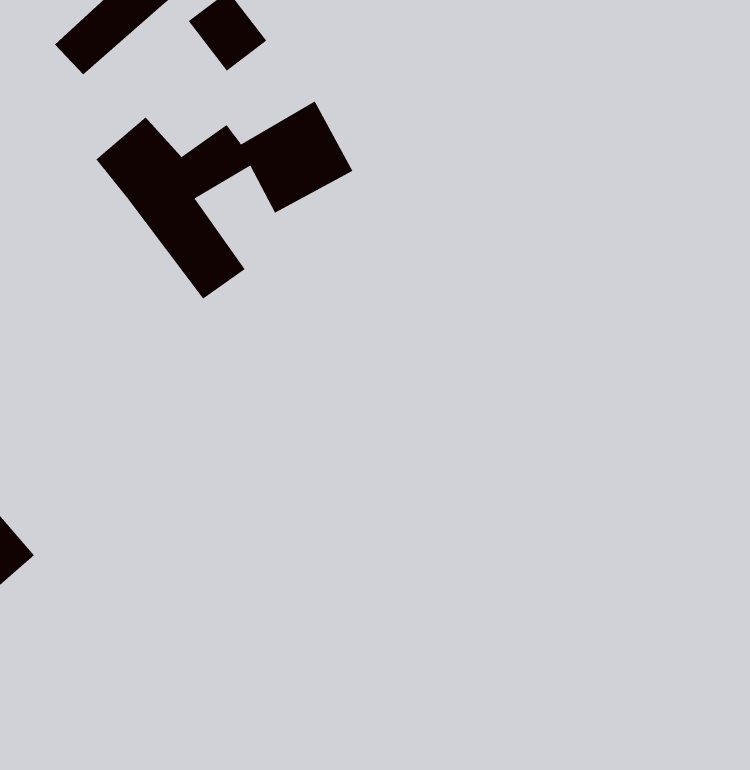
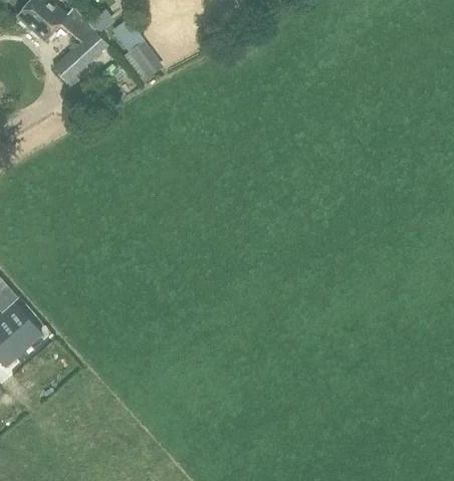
building: [95,100,353,300] -> none

